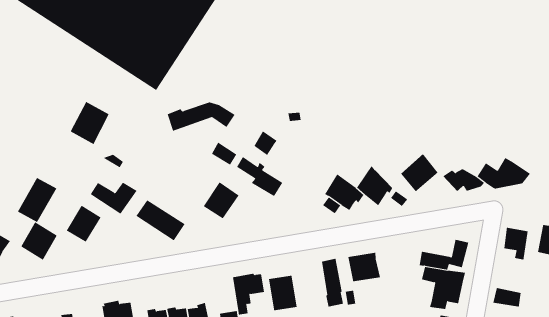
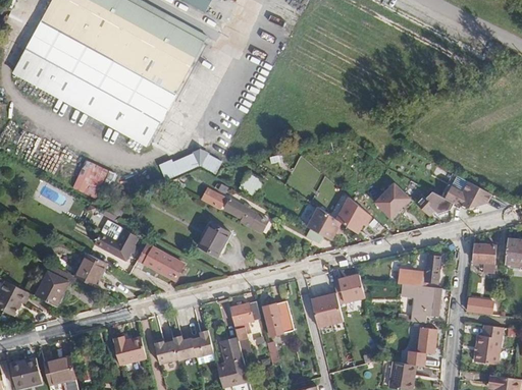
building: [17,177,57,223] -> none

